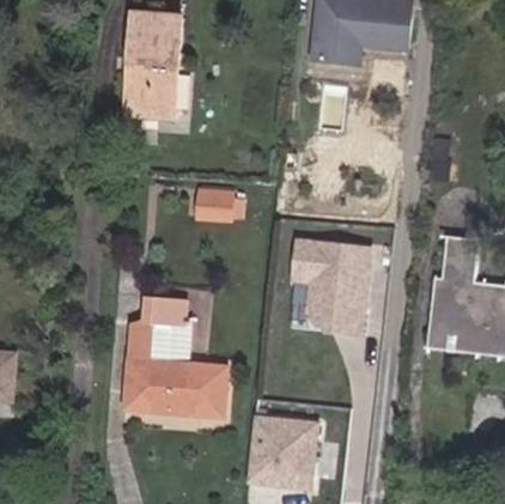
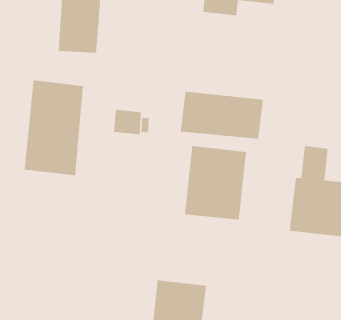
building: none -> [24,80,83,176]
building: none -> [180,91,264,139]
building: [124,300,227,415] -> none

